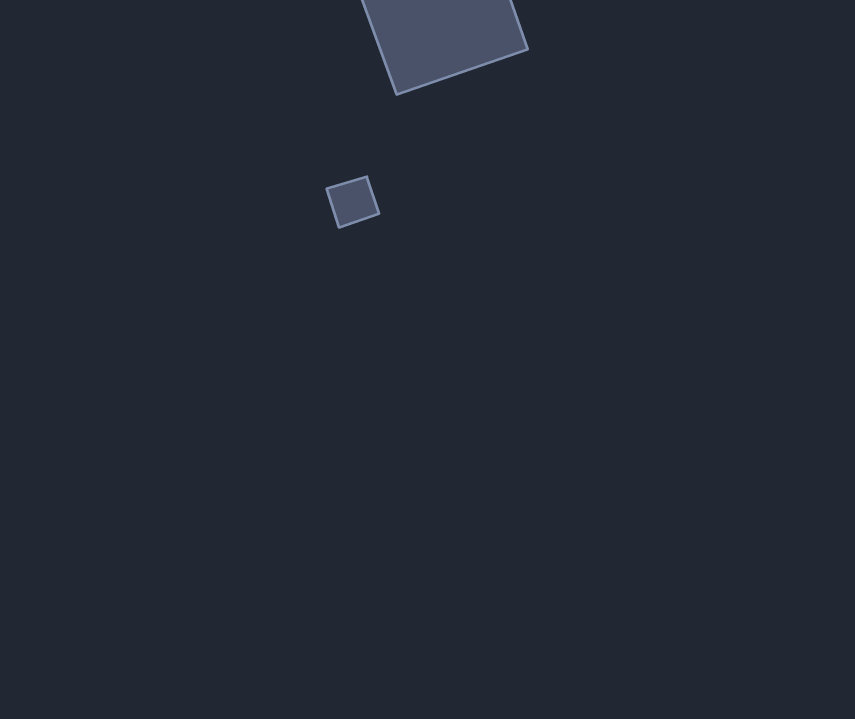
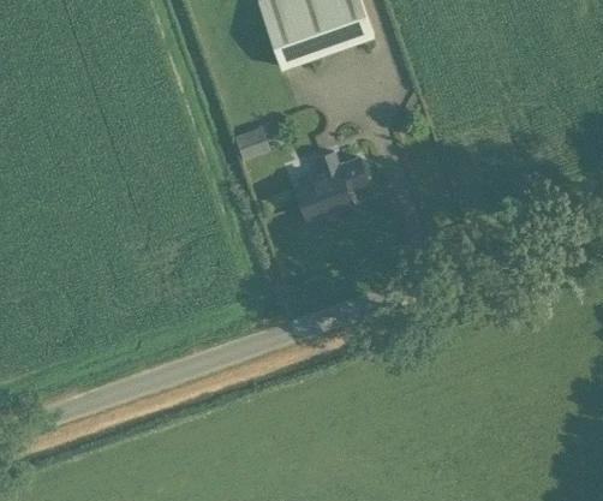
building: none -> [294,155,369,222]

